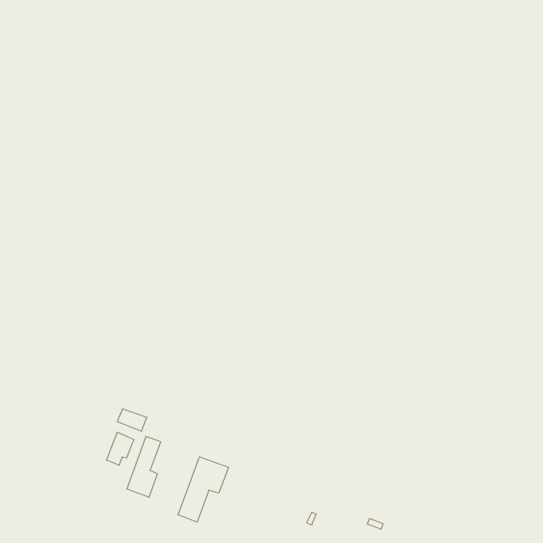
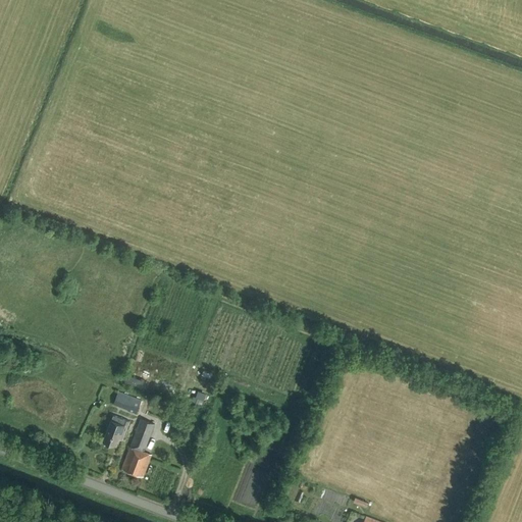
building: [178,457,228,522] -> none

